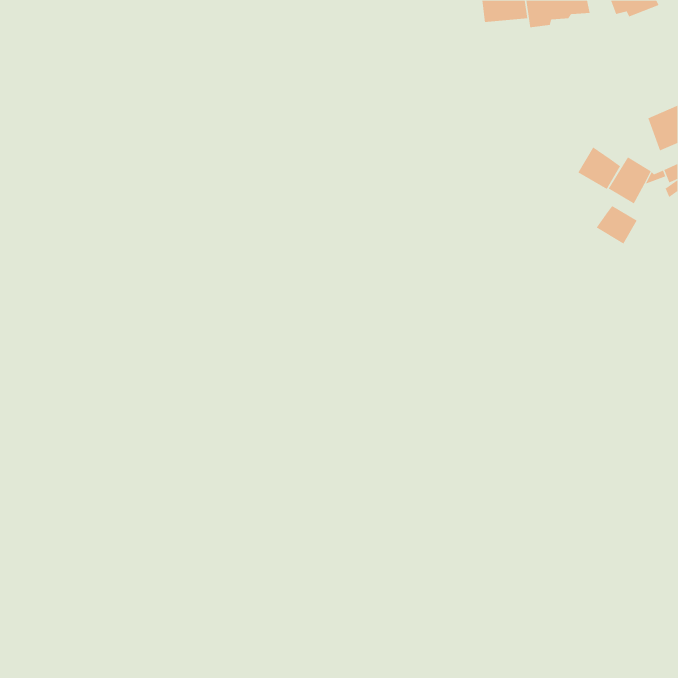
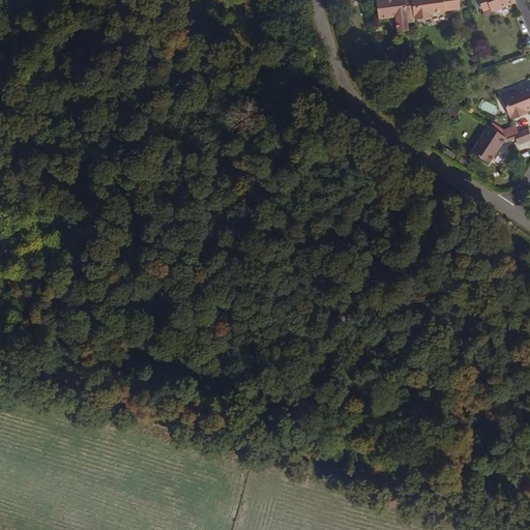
building: [577,147,621,190] -> none
building: [596,205,637,245] -> none

